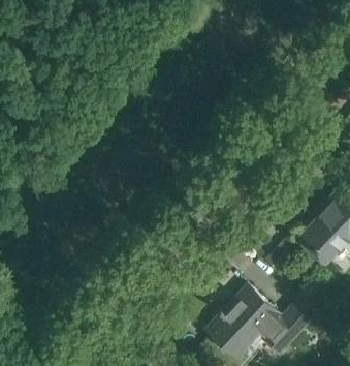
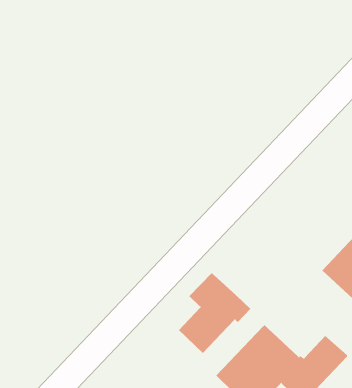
building: none -> [178,272,251,354]

